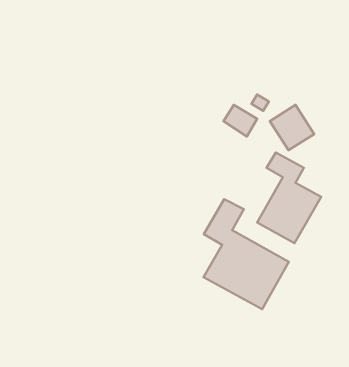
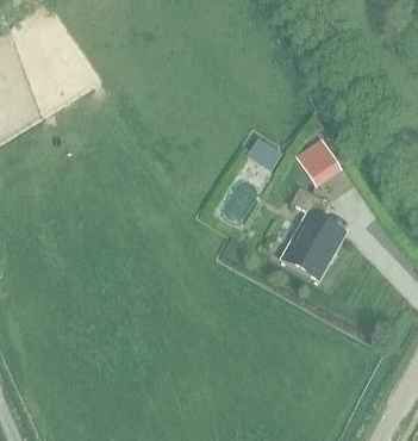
building: [204,199,289,309] -> none

